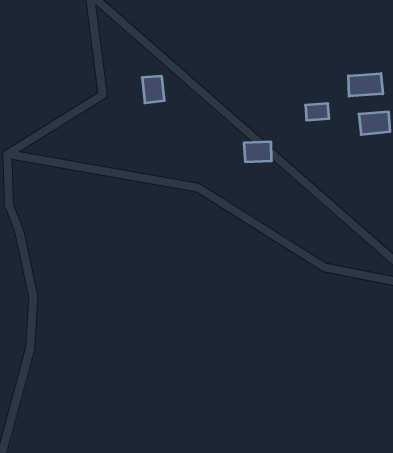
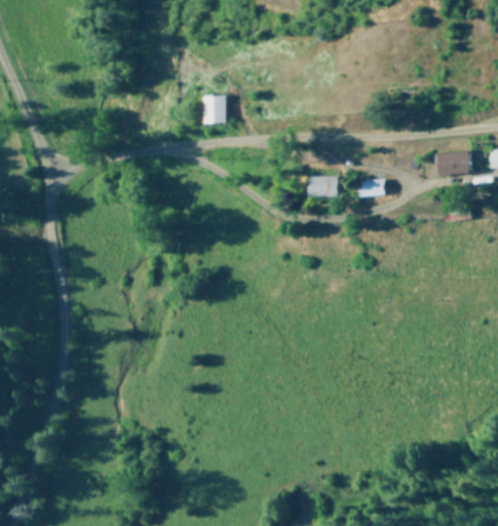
building: [348,73,383,96] -> none
building: [305,104,329,120] -> [359,180,384,196]

